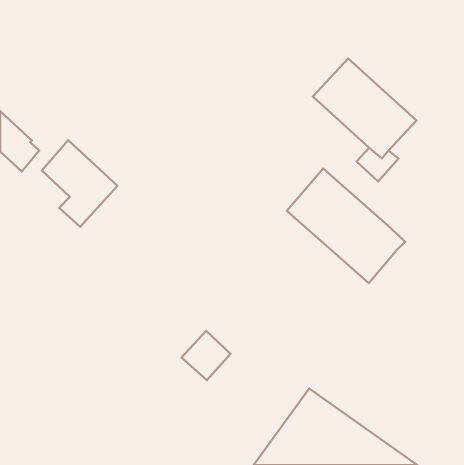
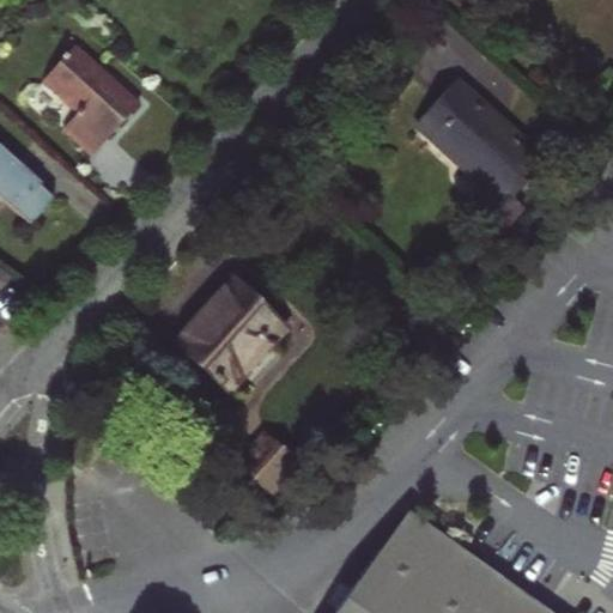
building: [42,140,117,227] -> [42,43,141,157]
building: [287,169,405,283] -> none
building: none -> [172,278,291,397]

